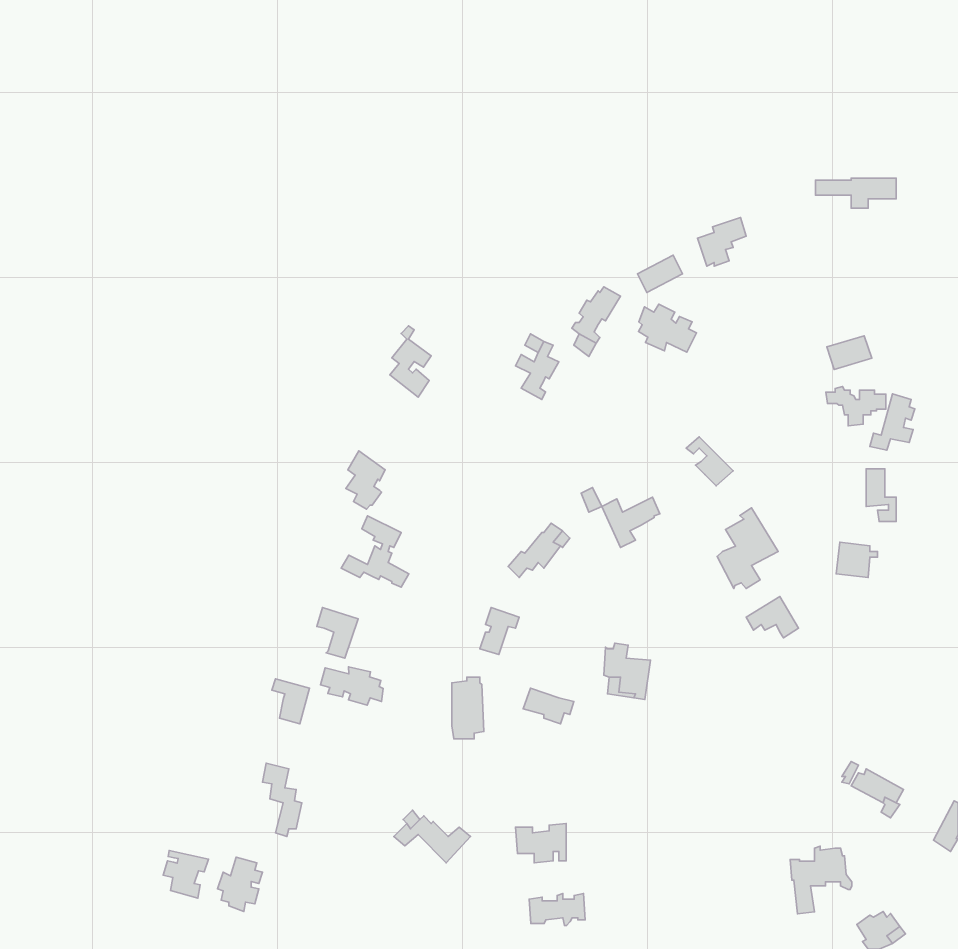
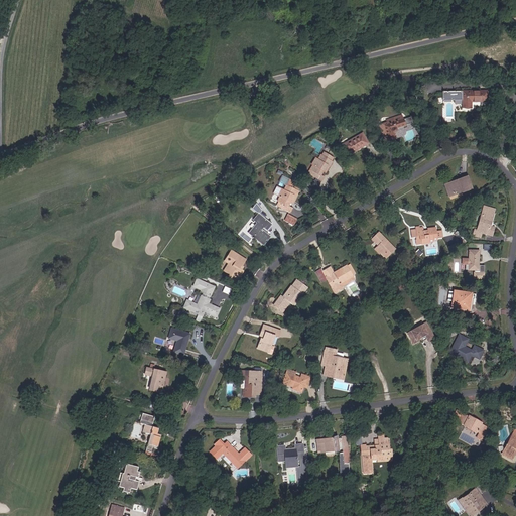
building: [638,304,696,352] -> none
building: [390,326,431,397] -> [250,209,272,247]
building: [826,387,886,426] -> [409,226,441,247]
building: [346,451,385,509] -> [225,253,246,284]
building: [717,508,778,589] -> none
building: none -> [449,336,483,361]
building: [320,667,383,705] -> none
building: [790,846,852,914] -> [360,437,393,474]
building: [163,851,209,898] -> none
building: [529,893,585,925] -> [317,434,348,452]

